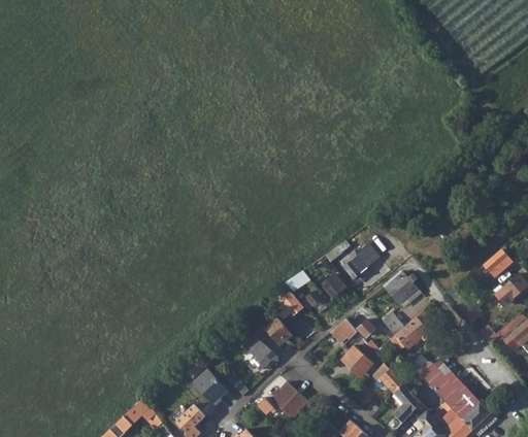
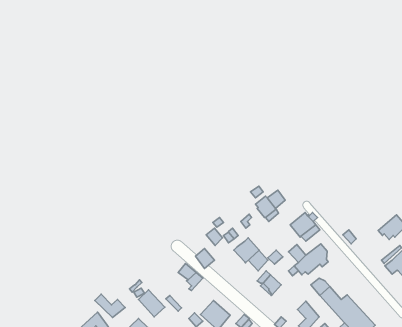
building: [484,250,513,278] -> none
building: none -> [234,238,259,263]
building: [376,362,403,393] -> none
building: none -> [95,294,125,317]

